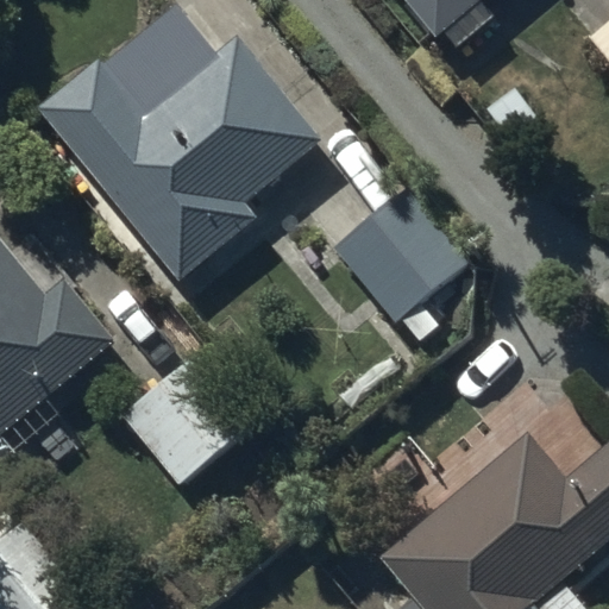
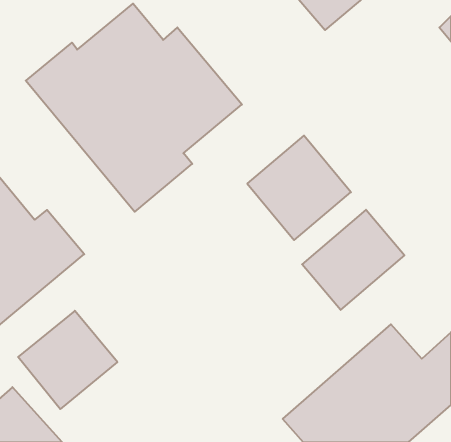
building: none -> [302,210,404,310]
building: [120,352,253,484] -> [18,311,117,409]

